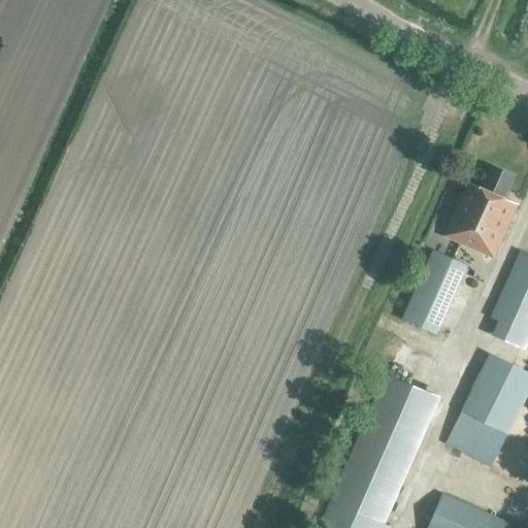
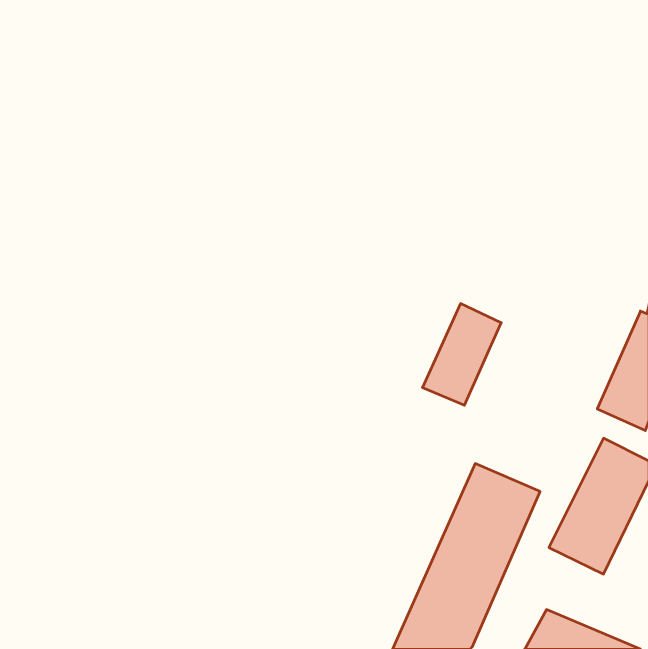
building: [446,169,518,259] -> none
building: [403,252,467,334] -> [422,304,501,405]

